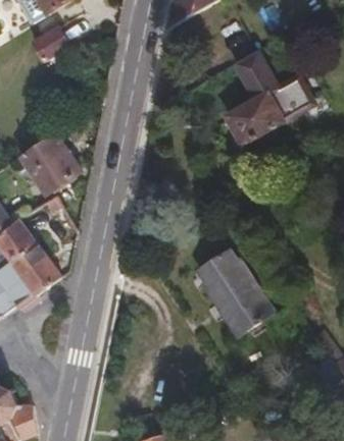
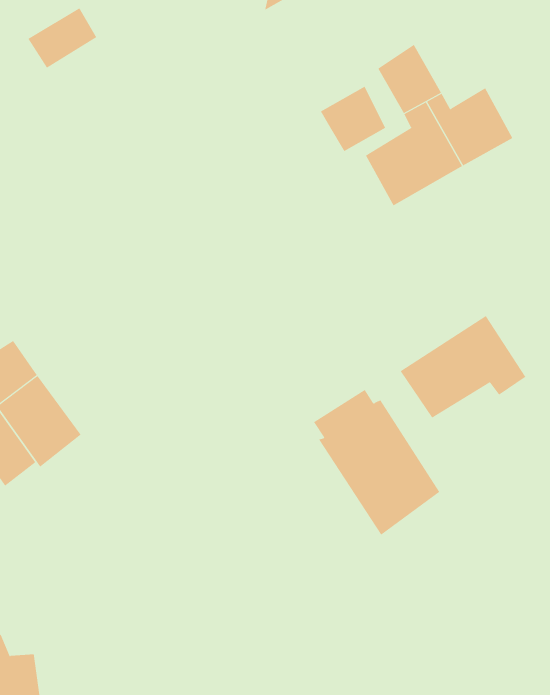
building: none -> [320,86,386,152]
building: [20,132,80,194] -> none
building: none -> [400,315,526,418]

